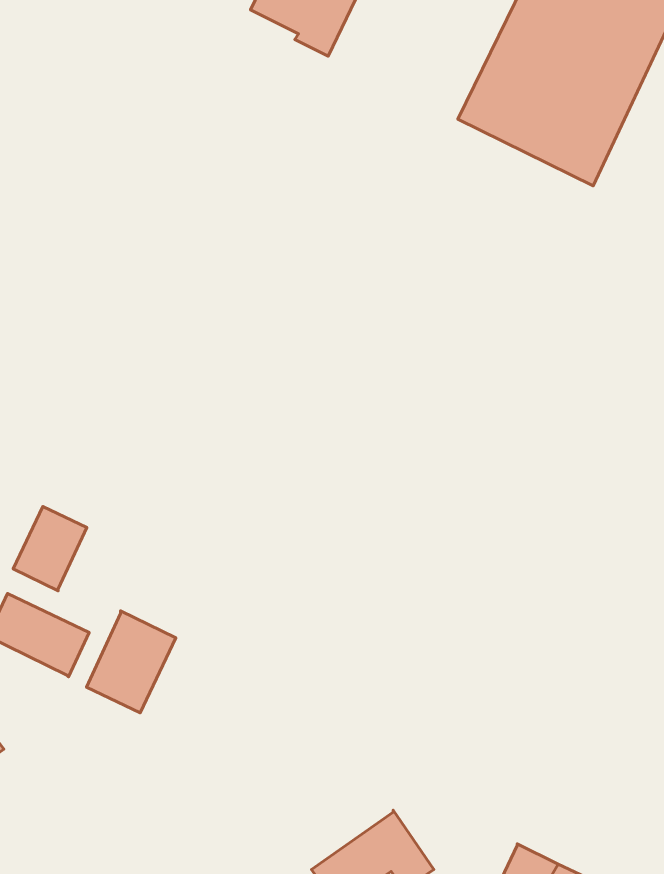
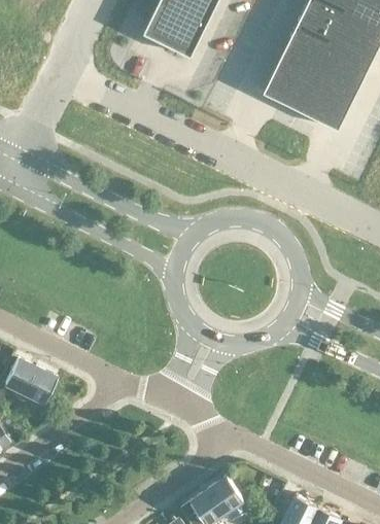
building: [13,507,87,591] -> none
building: [86,611,176,713] -> none

